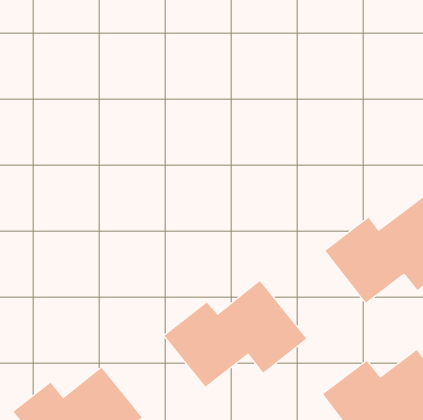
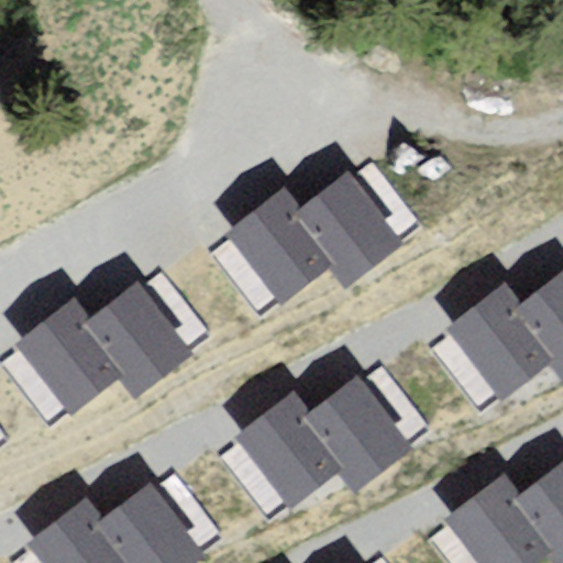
building: none -> [233,165,408,299]
building: none -> [23,275,198,409]

